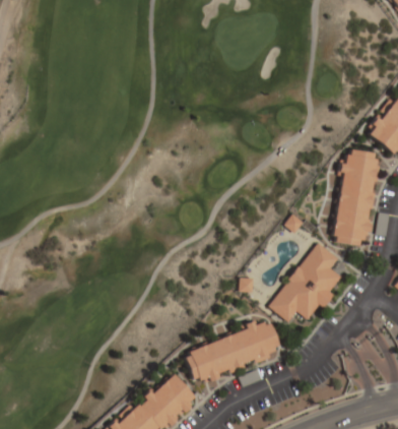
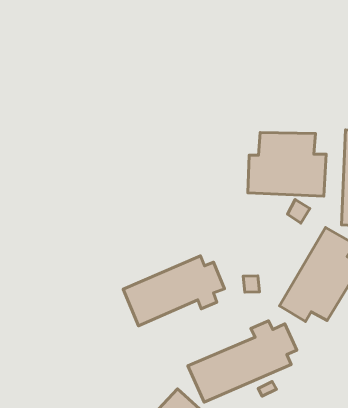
building: none -> [248,133,326,196]
building: none -> [123,256,225,326]

